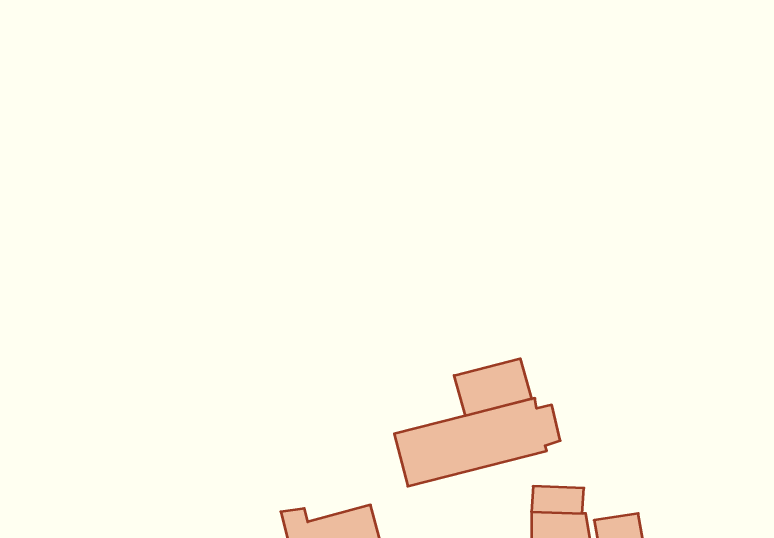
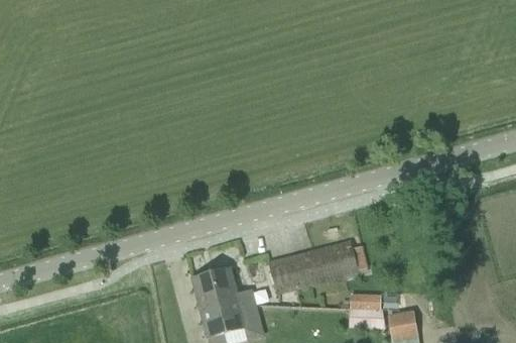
building: [454,359,532,416] -> none
building: none -> [192,267,254,314]

